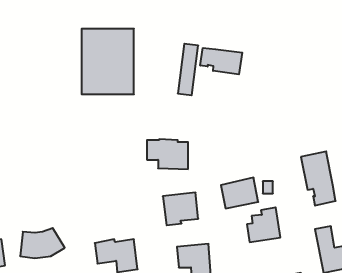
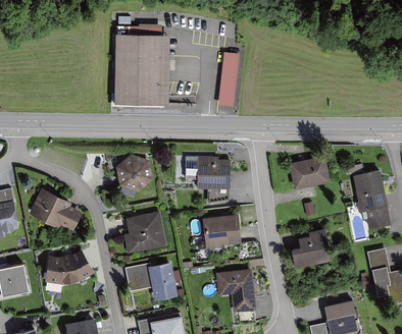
building: [200,48,242,74] -> none
building: none -> [114,154,152,191]
building: none -> [29,189,81,231]
building: [221,178,258,208] -> [288,155,329,188]
building: none -> [124,213,165,255]

